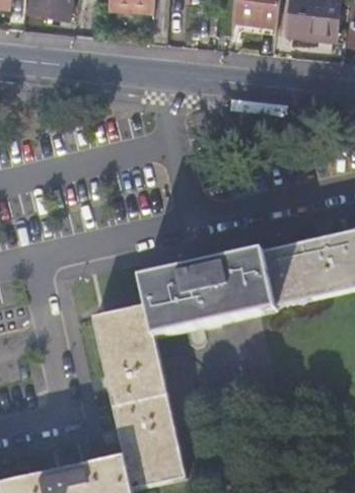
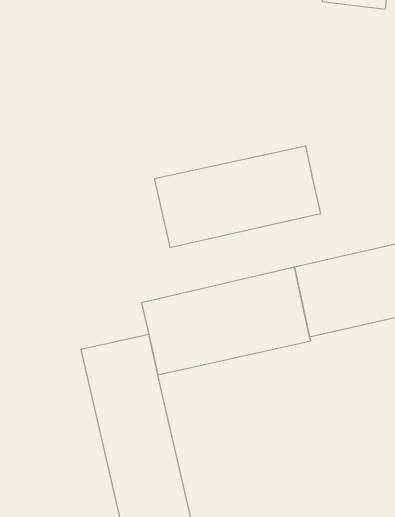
building: none -> [154,146,321,248]

